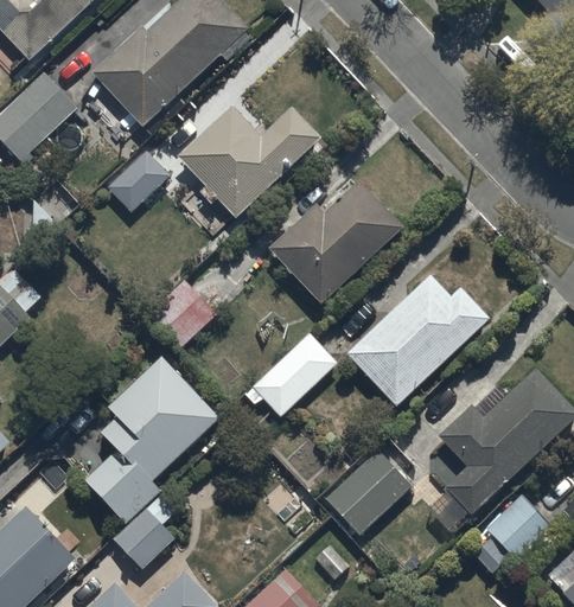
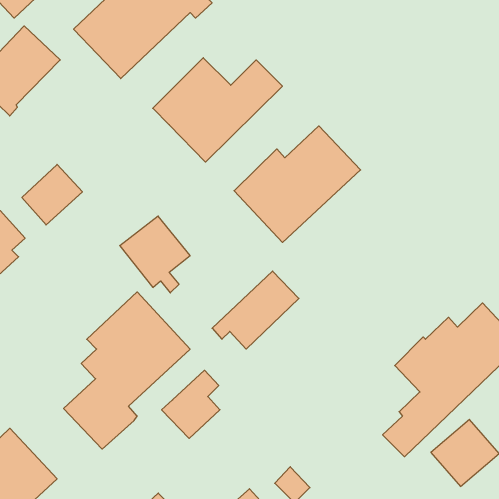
building: [104,148,170,213] -> [22,164,82,225]
building: [345,273,491,405] -> none
building: [320,446,413,536] -> none
building: [114,496,177,569] -> [162,370,220,438]

